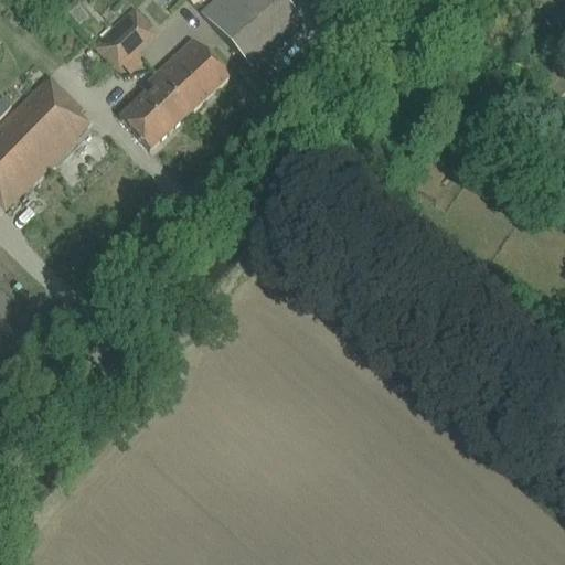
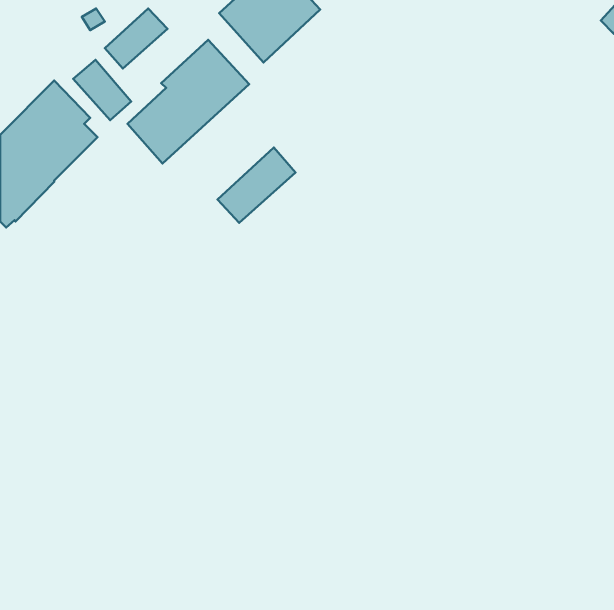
building: none -> [73,60,131,120]
building: none -> [217,148,296,223]

